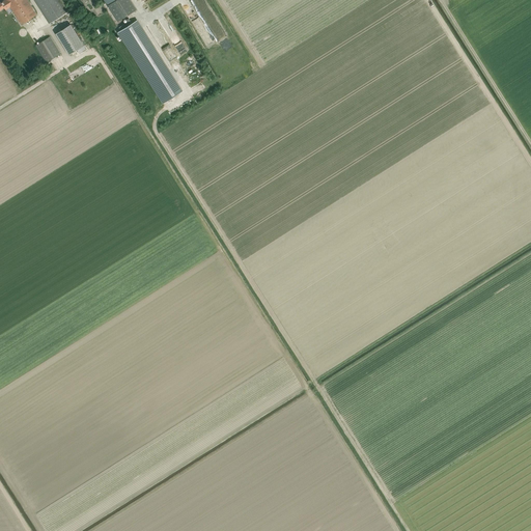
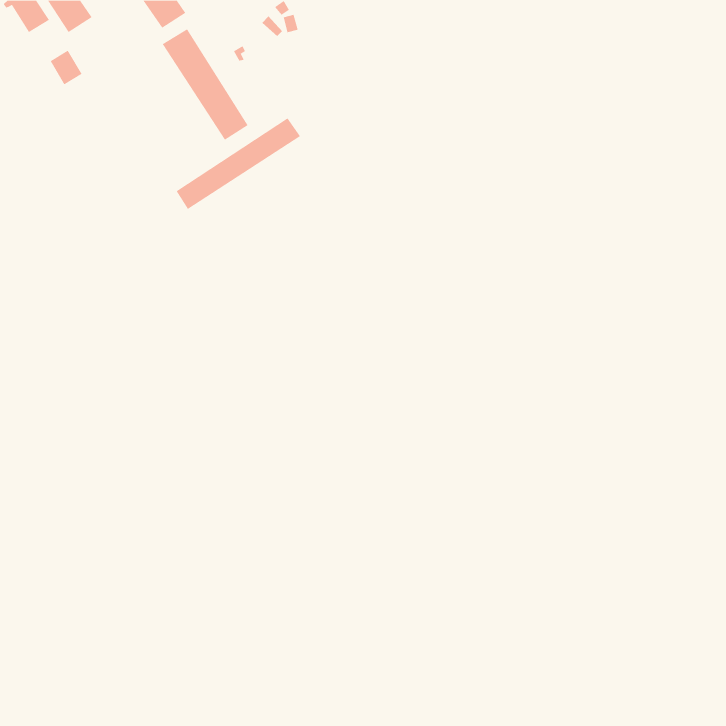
building: [56,24,84,55] -> none
building: none -> [176,117,301,210]

